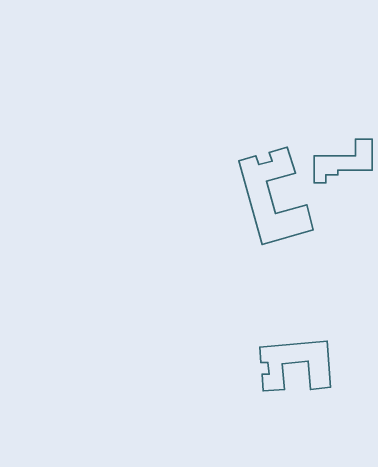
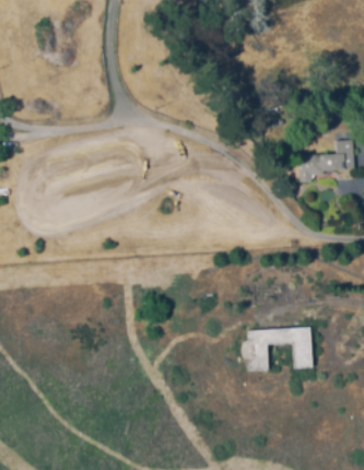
building: [239,147,313,245] -> none

